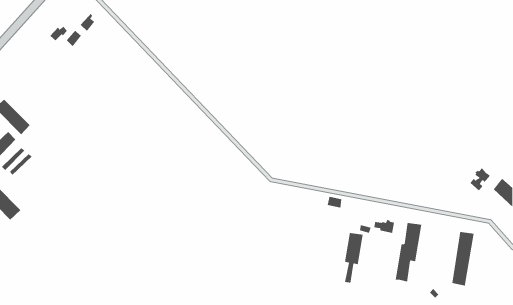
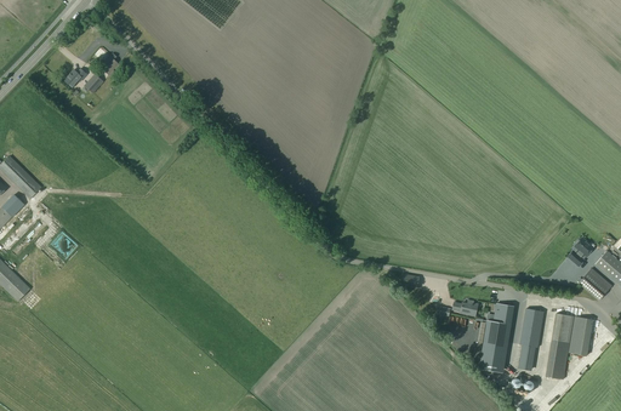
building: none -> [579,267,613,301]
building: [344,233,363,283] -> [520,309,543,370]
building: none -> [569,316,593,355]

